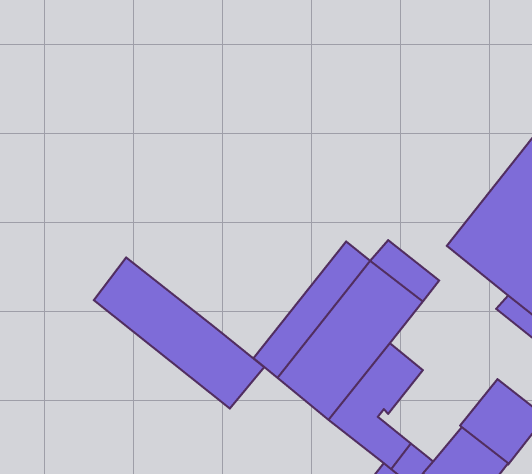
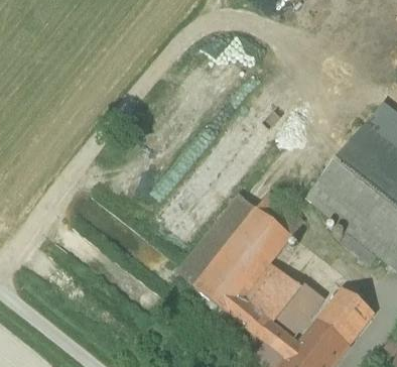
building: [94,258,264,408] -> none
building: none -> [261,275,324,338]

